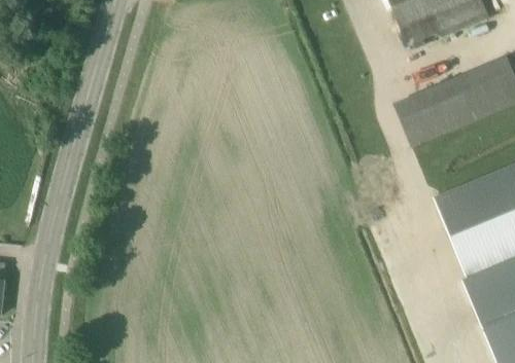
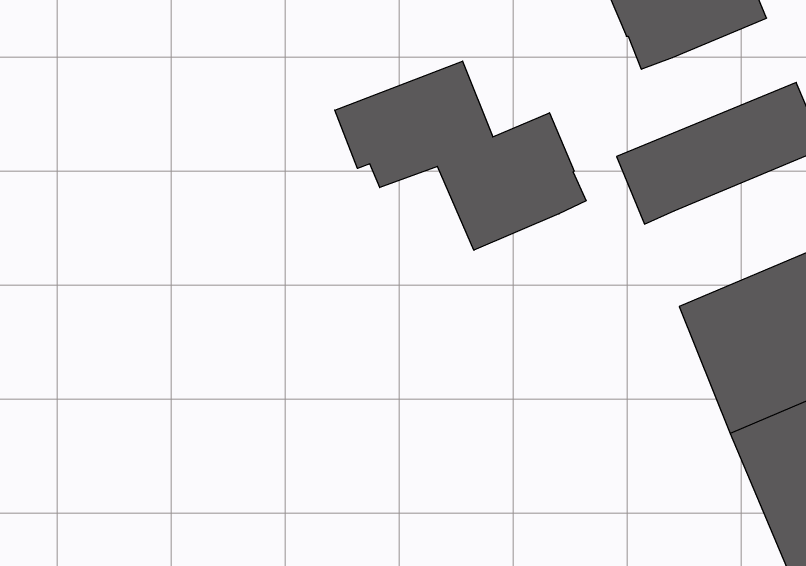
building: none -> [335,61,586,250]

